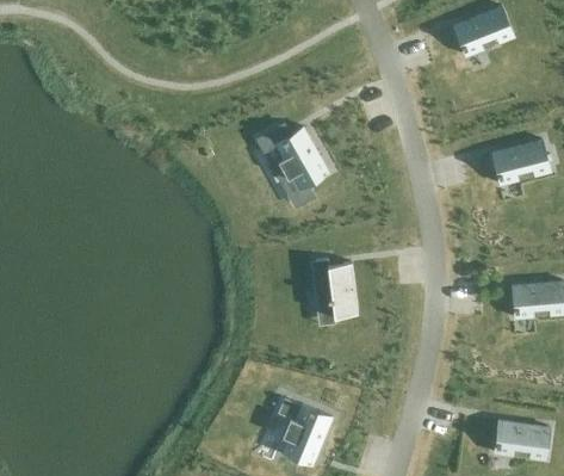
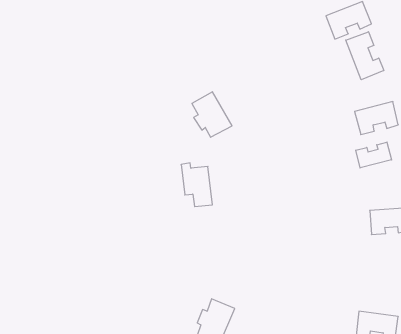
building: none -> [346,32,384,80]
building: none -> [356,142,392,168]
building: [315,258,357,316] -> [181,163,212,207]

